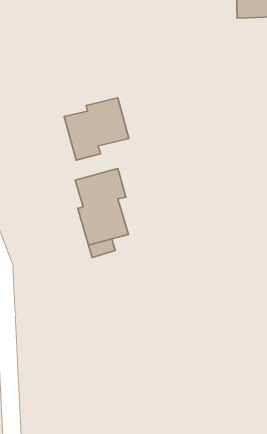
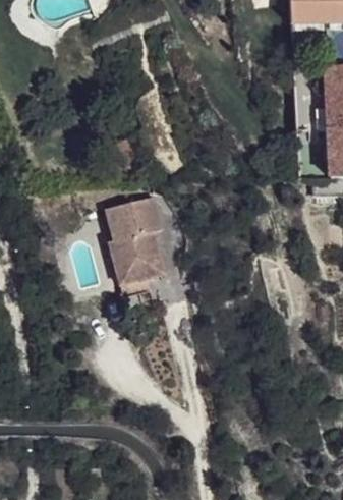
building: [64,98,129,160] -> none

